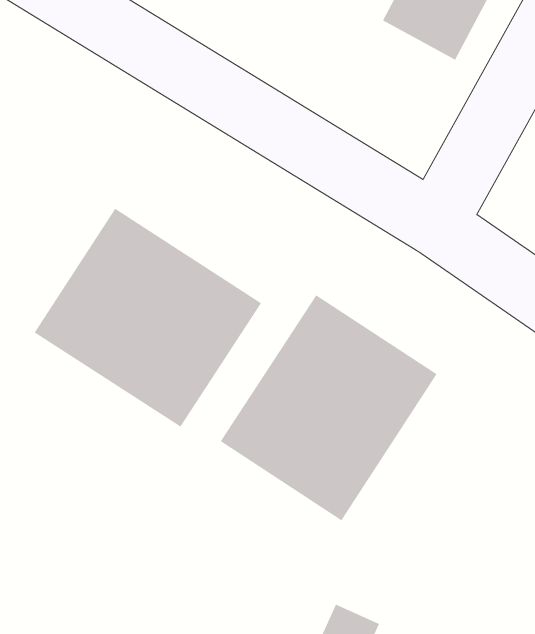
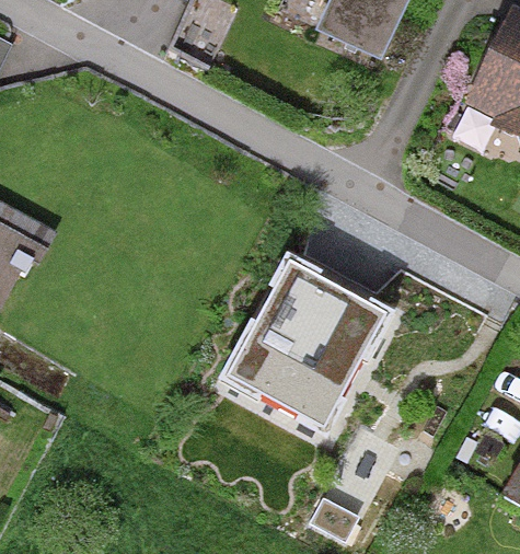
building: [34,208,262,428] -> none

